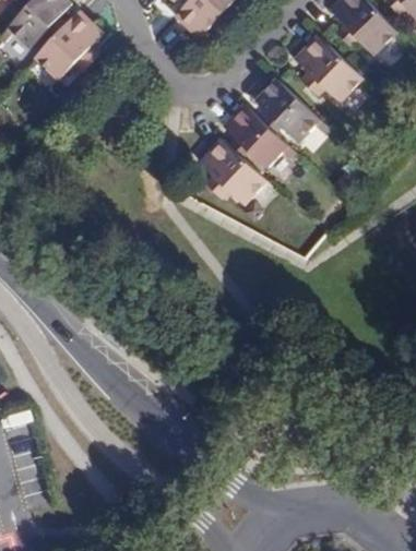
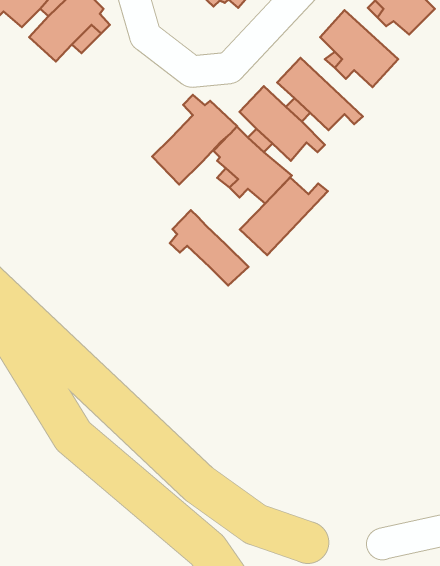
building: none -> [152,95,237,185]
building: none -> [240,177,328,255]
building: none -> [170,210,249,286]

